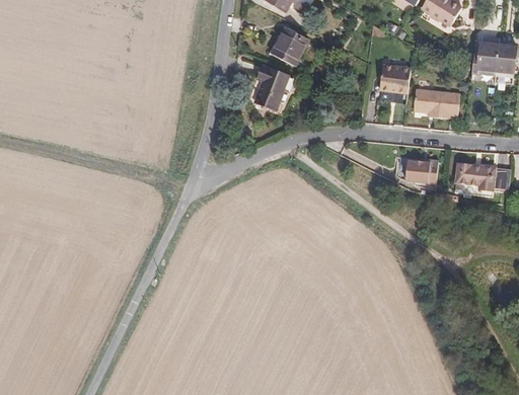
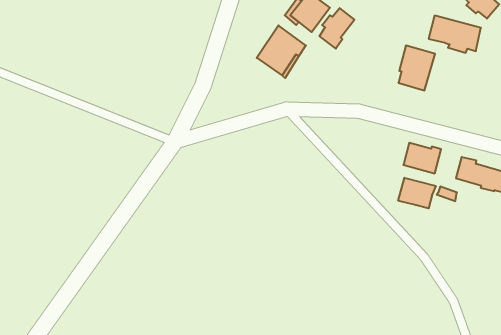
building: none -> [320,8,354,49]
building: [416,88,462,117] -> [429,16,481,53]
building: none -> [398,178,436,208]

